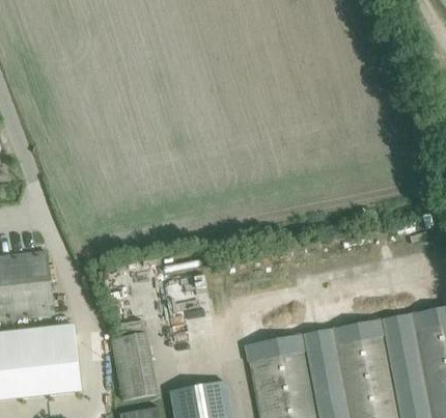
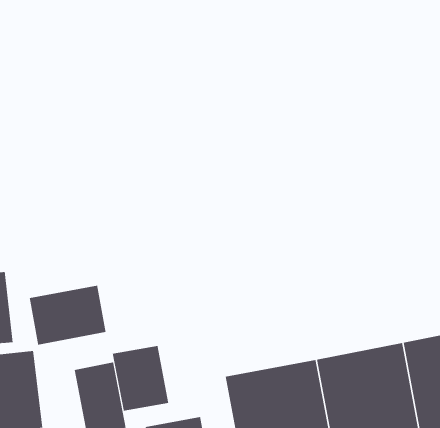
building: none -> [29,285,106,345]
building: none -> [112,345,169,412]

